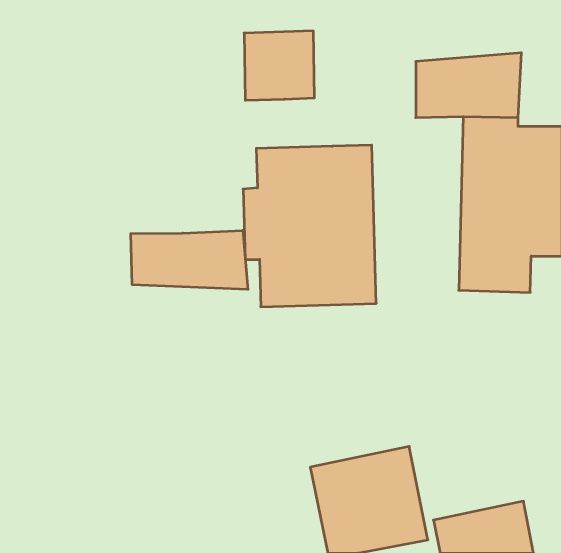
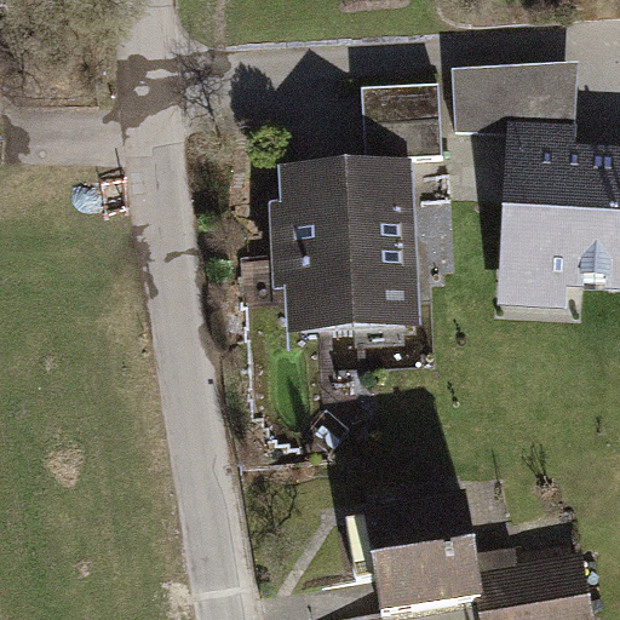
building: [244,31,314,100] -> [366,85,443,161]
building: [131,230,248,289] -> none

